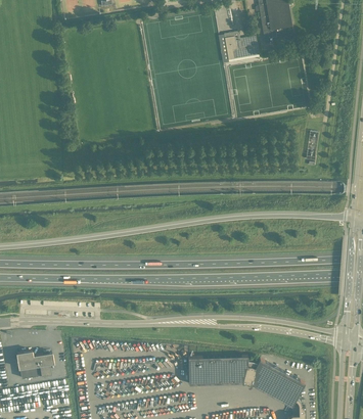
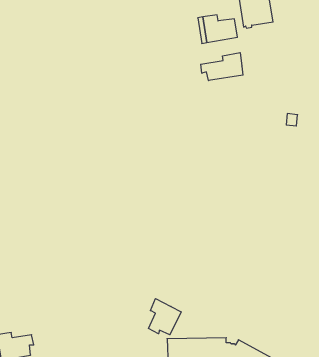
building: none -> [201,53,243,81]
building: none -> [148,299,181,335]

